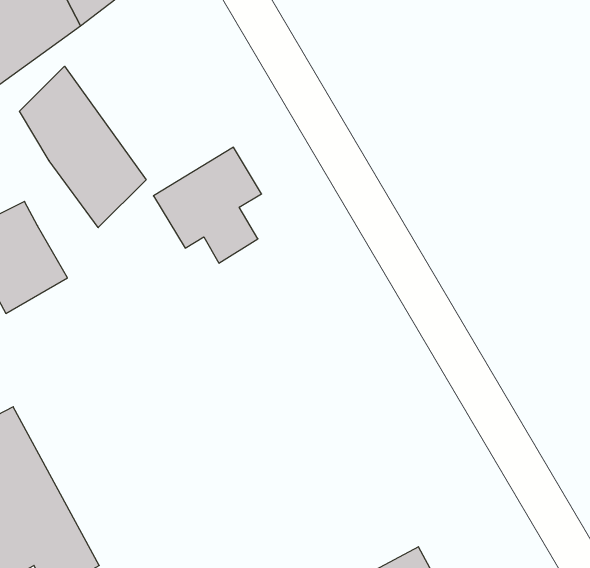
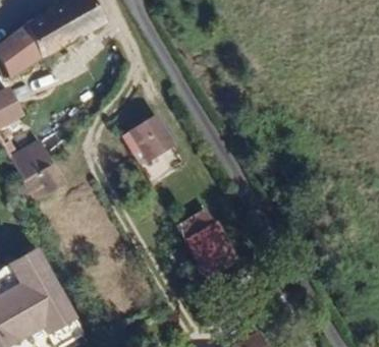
building: [19,66,146,228] -> none
building: none -> [183,219,231,271]

